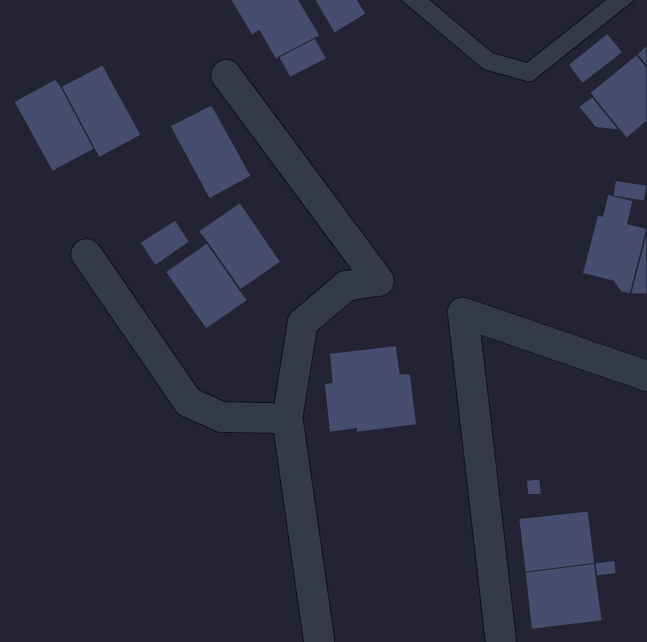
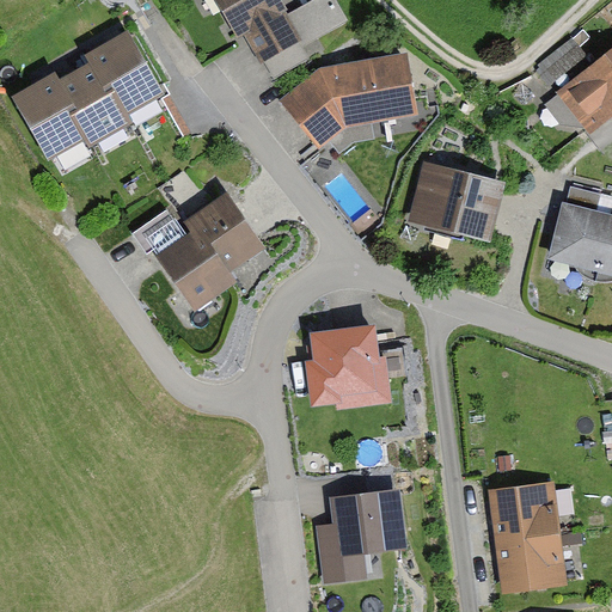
building: none -> [280,55,418,151]
building: [170,105,251,199] -> [91,30,167,118]
building: none -> [405,161,507,243]
building: none -> [314,486,408,581]

